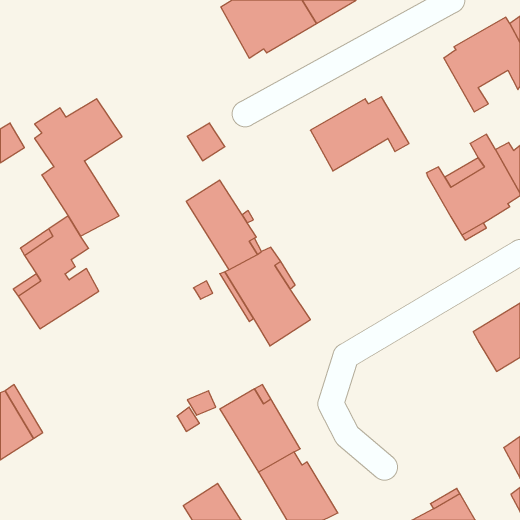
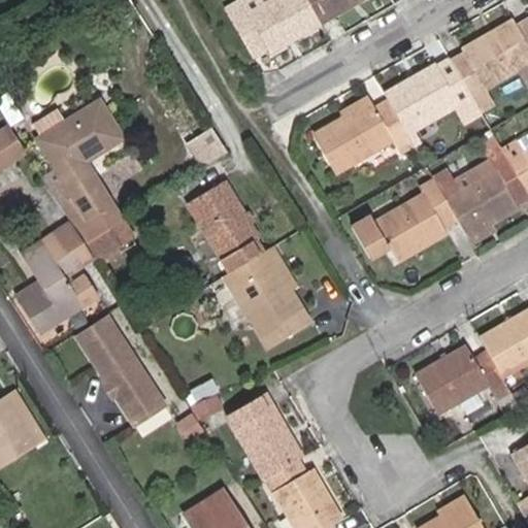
building: none -> [383,57,481,153]
building: none -> [350,178,457,261]
building: none -> [81,219,132,260]
building: none -> [75,314,164,423]
building: none -> [416,344,518,414]

